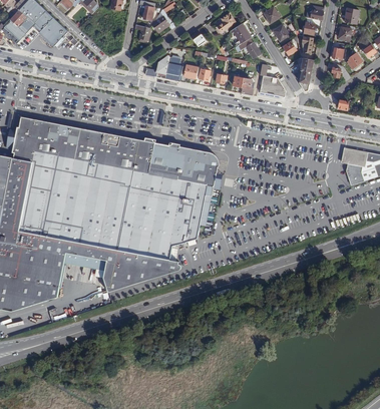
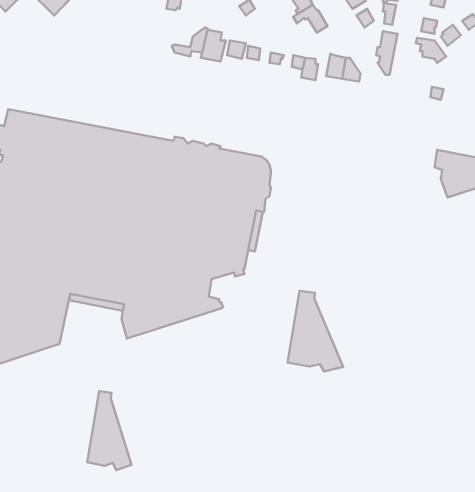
building: none -> [287,291,343,372]
building: none -> [87,391,131,470]

